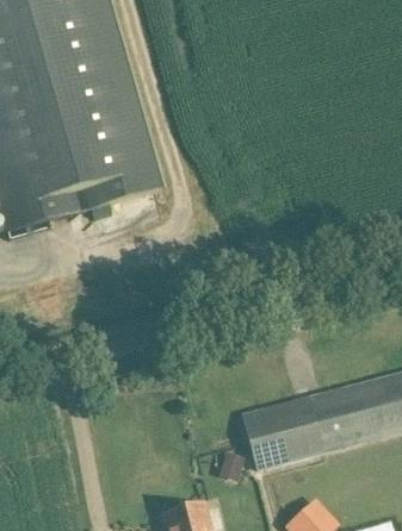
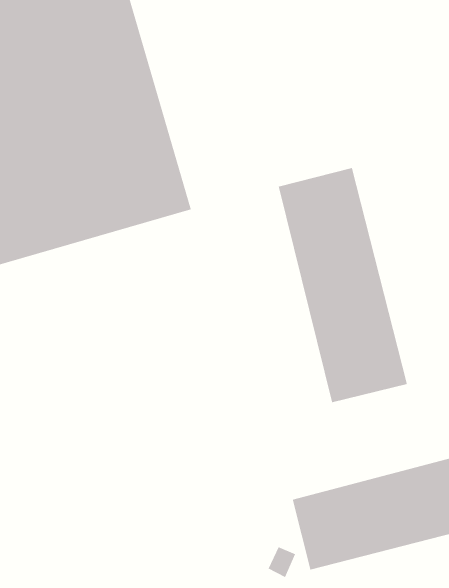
building: none -> [278,167,408,403]

